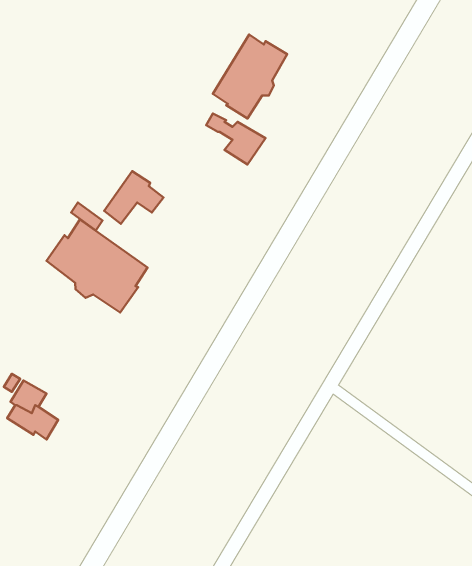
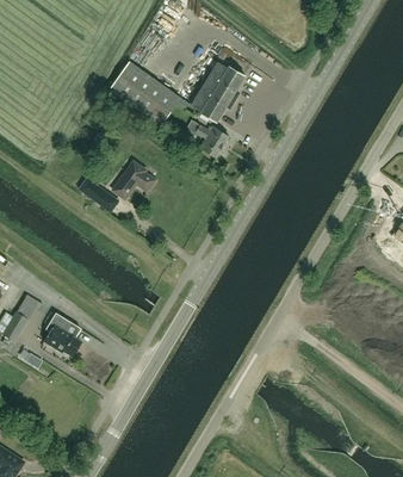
building: none -> [111,61,181,125]
building: [47,220,148,313] -> none

